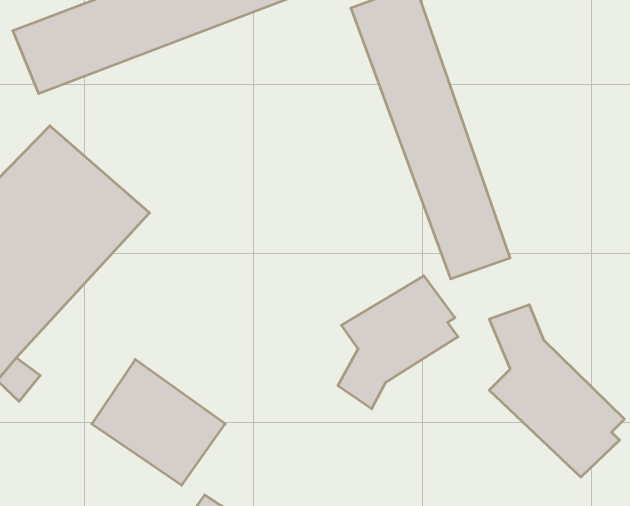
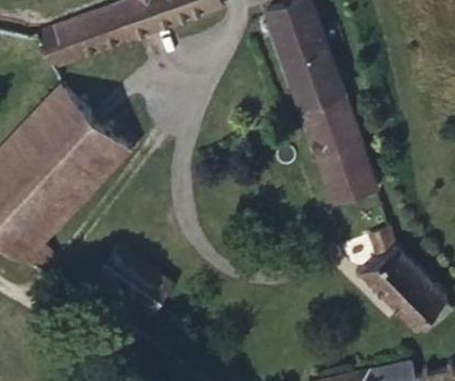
building: [338,276,458,409] -> none

